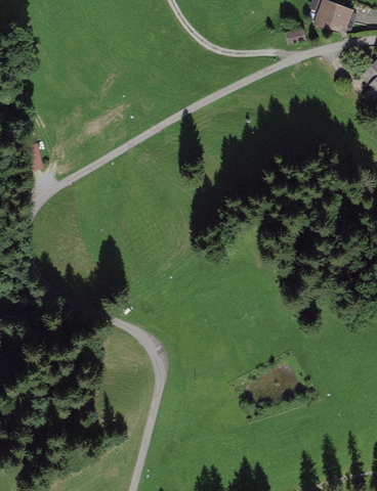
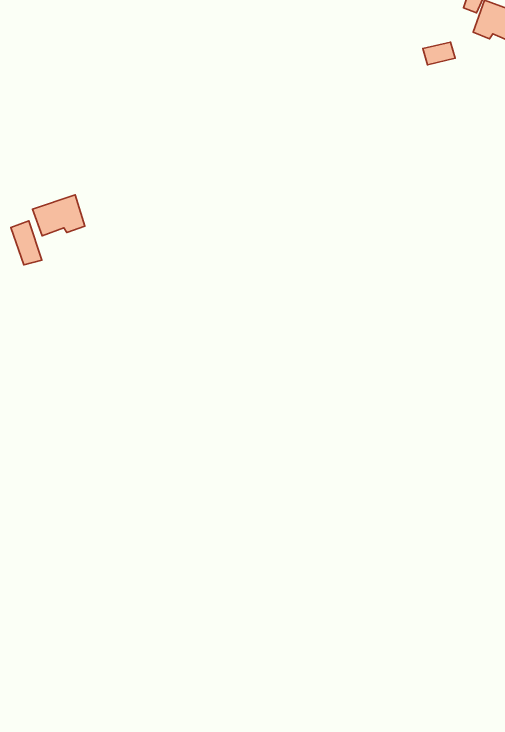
building: none -> [32,195,85,236]

